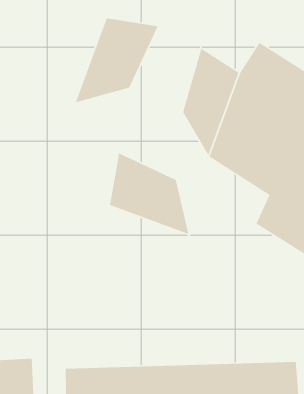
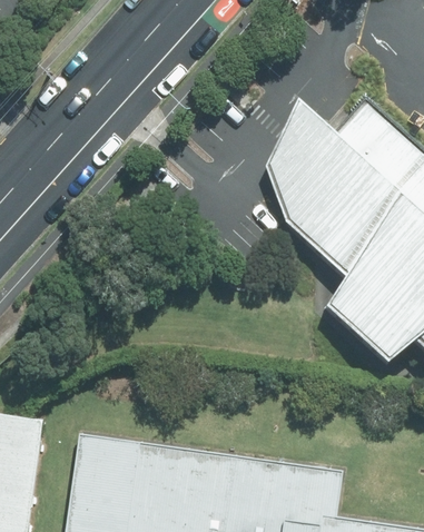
building: [75,18,159,104] -> none
building: [109,152,189,235] -> none

